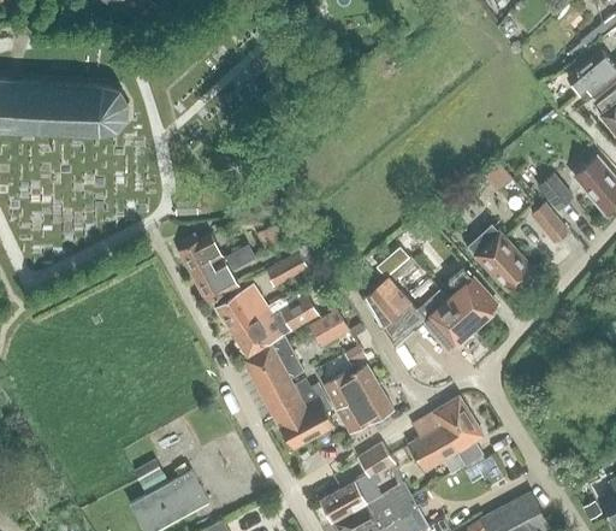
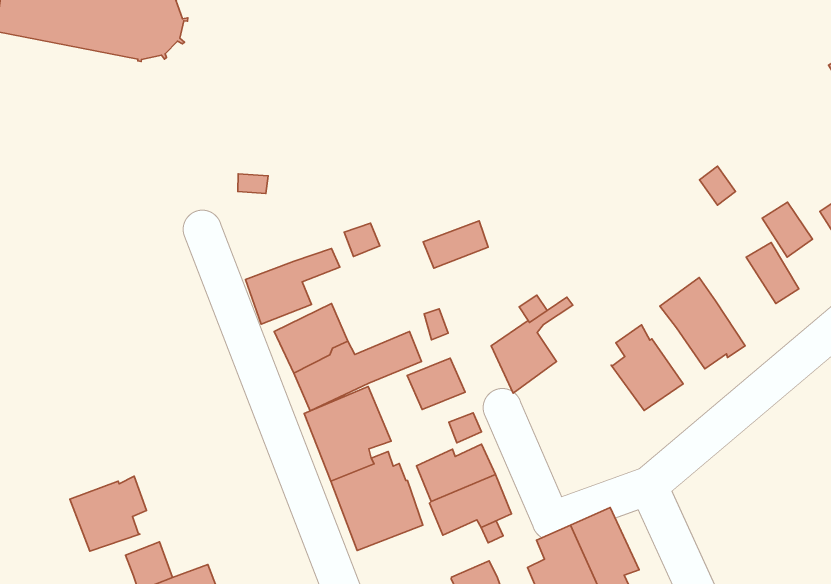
building: [178,235,223,275] -> none
building: [262,252,307,288] -> [423,221,488,268]
building: [416,290,473,348] -> none
building: none -> [70,476,147,551]

